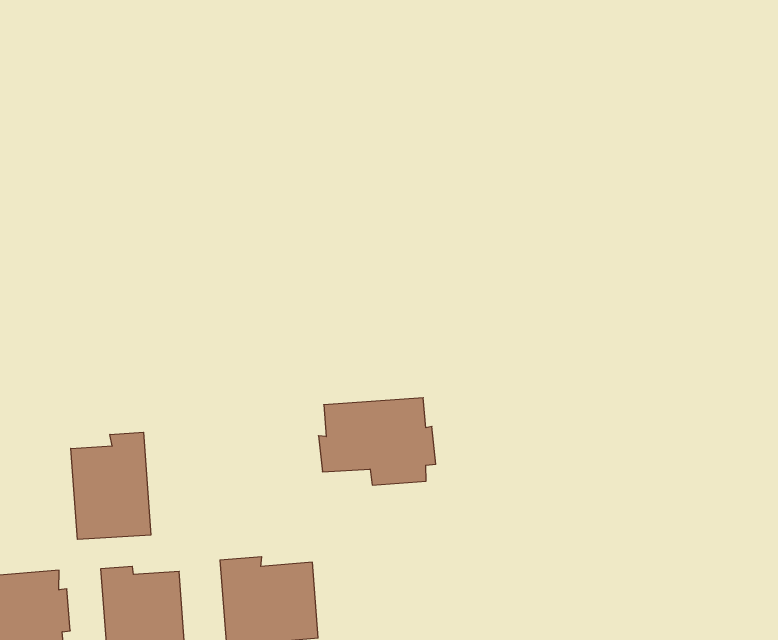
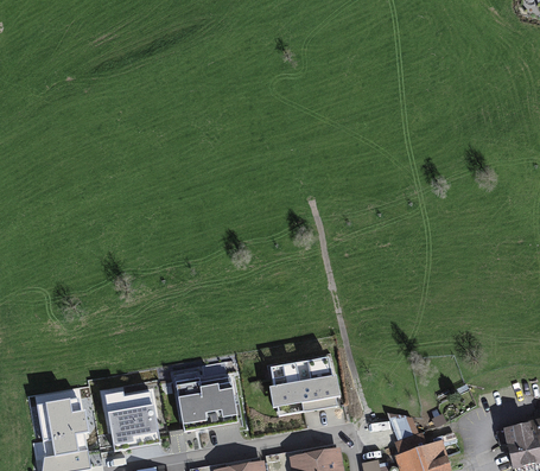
building: [318,398,436,485] -> [268,355,341,410]
building: [71,432,151,539] -> none

